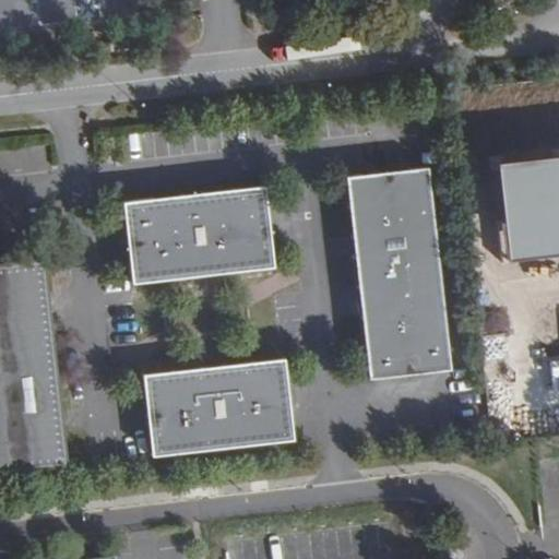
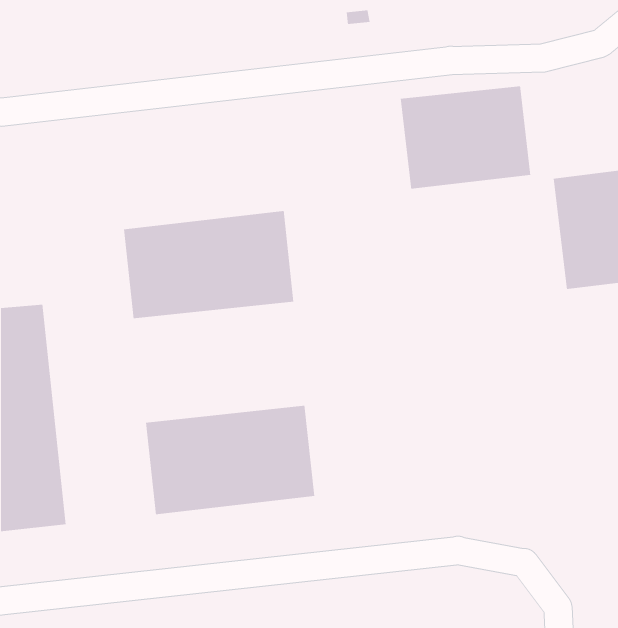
building: none -> [400,86,531,189]
building: [345,169,452,378] -> none

